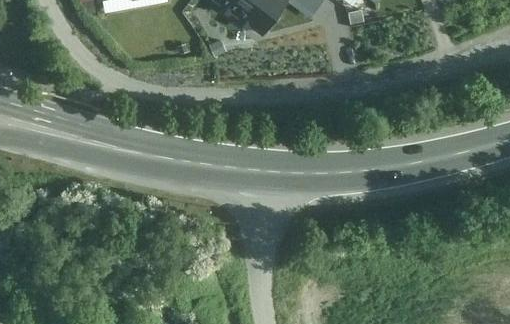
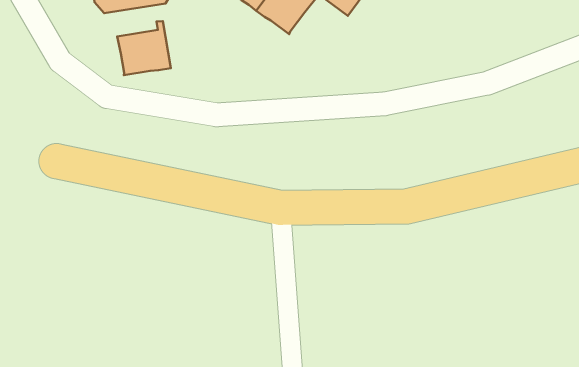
building: none -> [117,21,171,75]

